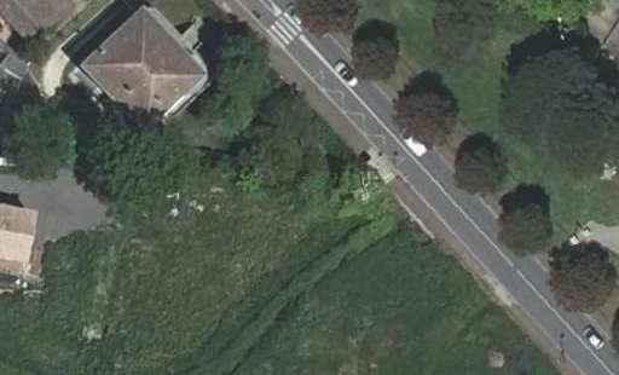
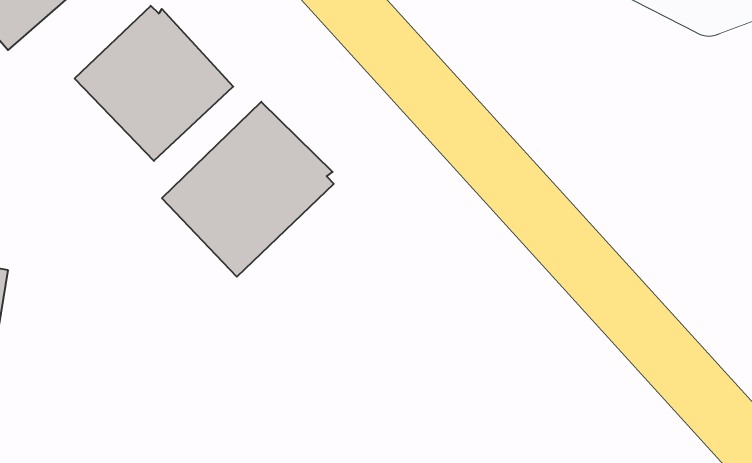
building: none -> [162,102,334,277]

